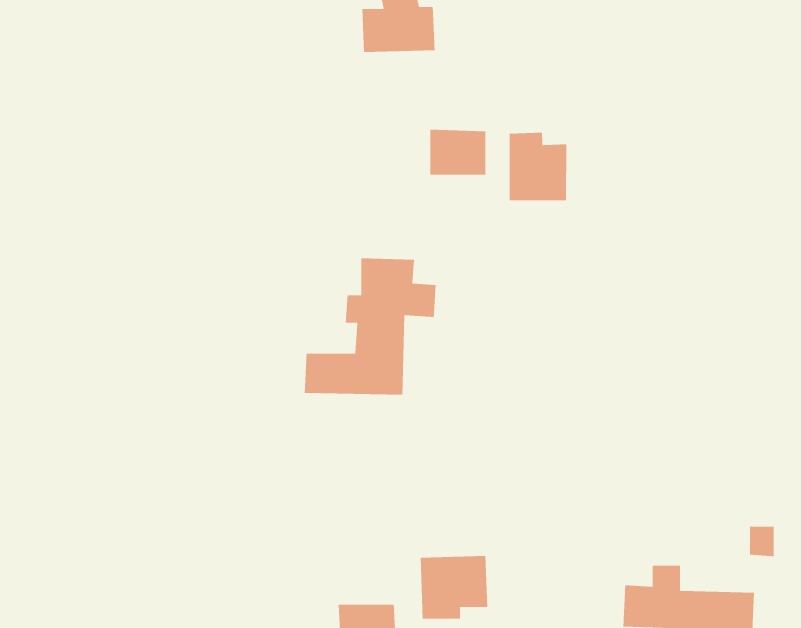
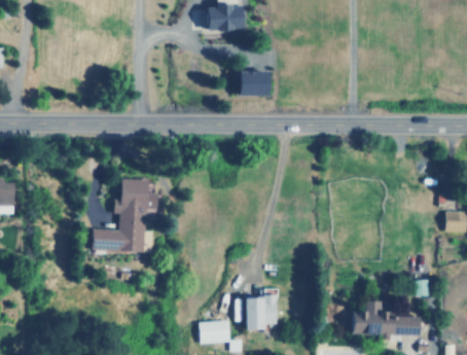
building: [509,132,567,201] -> none
building: [304,257,436,396] -> [93,179,163,252]

